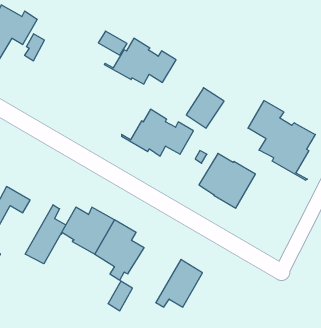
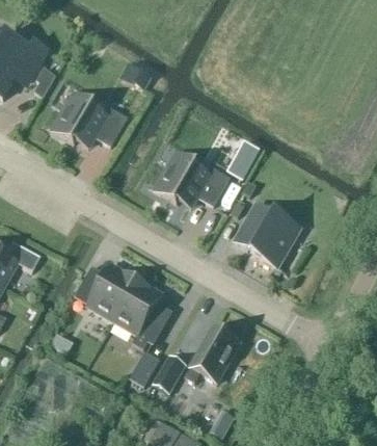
building: [104,38,176,84] -> [43,93,126,146]
building: [248,101,315,180] -> none
building: [25,205,66,264] -> none
building: none -> [153,353,186,391]

